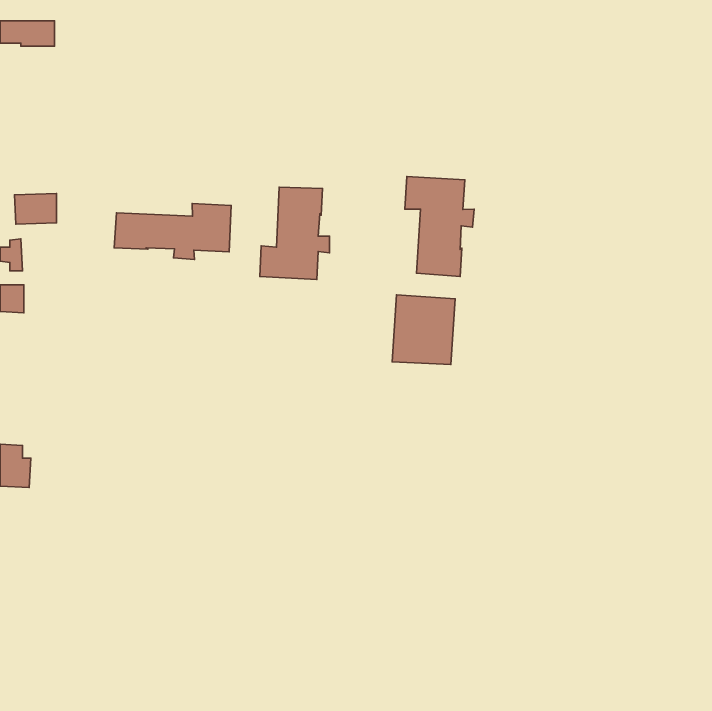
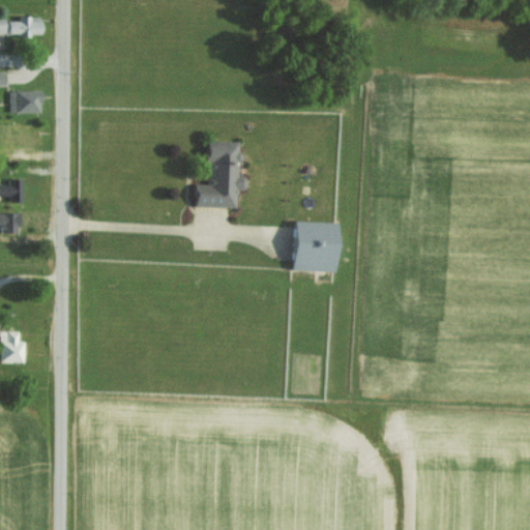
building: [405,176,474,276] -> none
building: [15,193,56,224] -> [8,91,39,114]
building: [114,204,231,259] -> none

